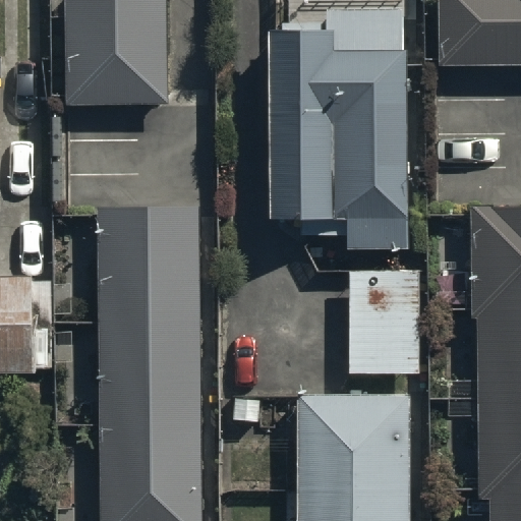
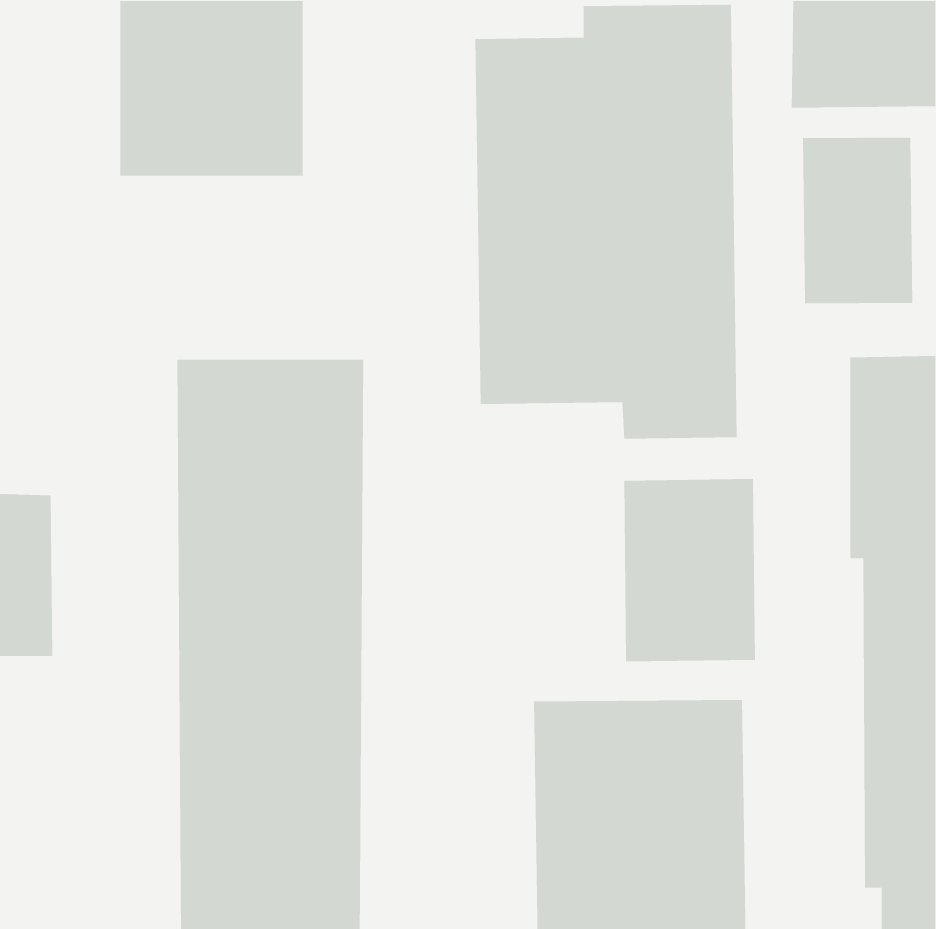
building: none -> [802,137,913,304]

